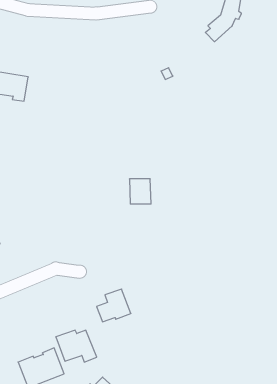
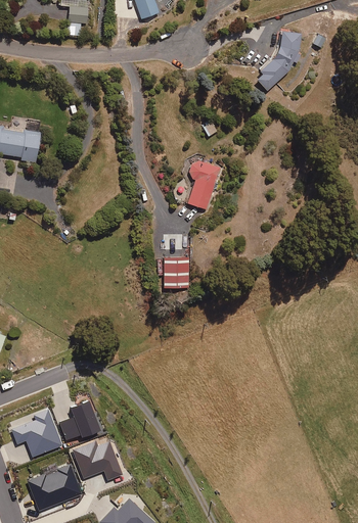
building: none -> [187,160,219,209]
building: [97,289,131,322] -> [59,400,101,440]
building: none -> [12,409,62,457]

